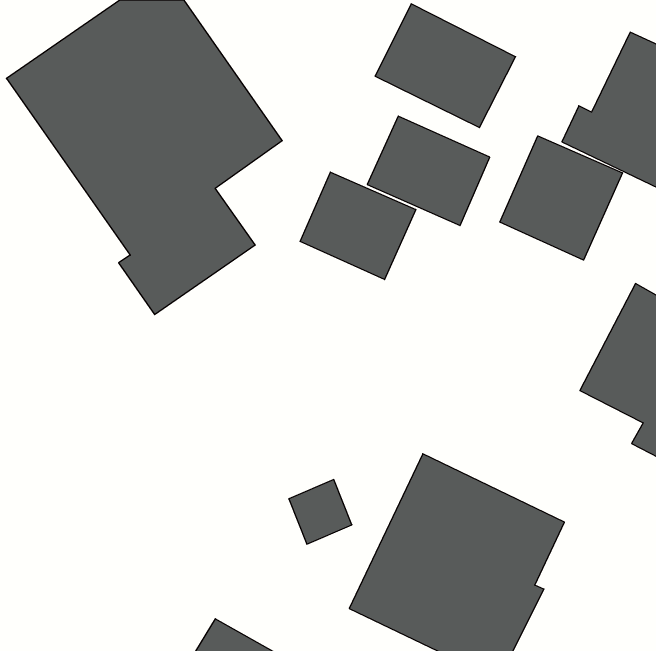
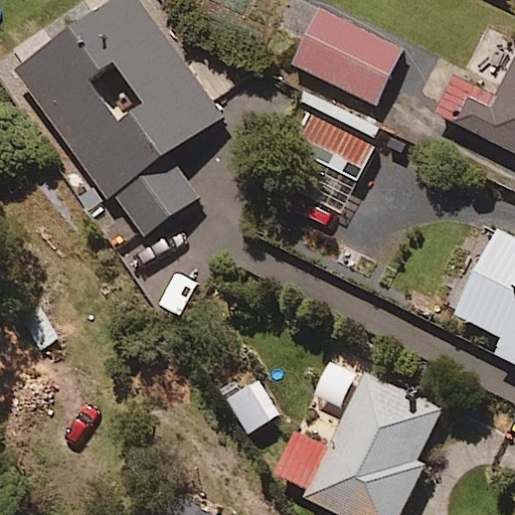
building: [500,136,622,260] -> none
building: [300,172,416,280] -> none

